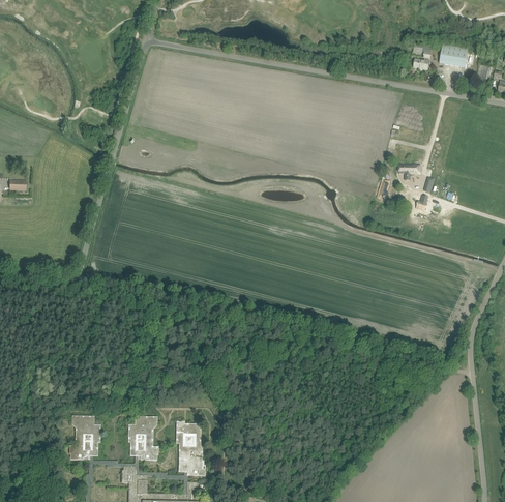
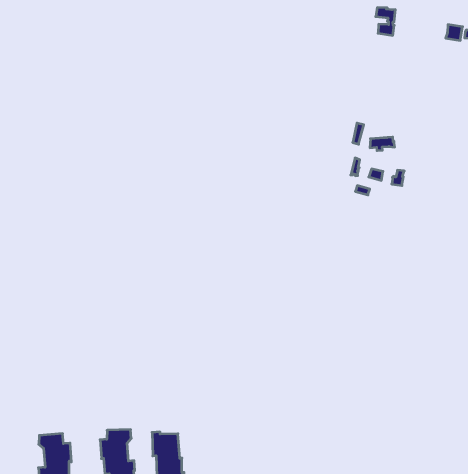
building: [440,45,468,67] -> none

